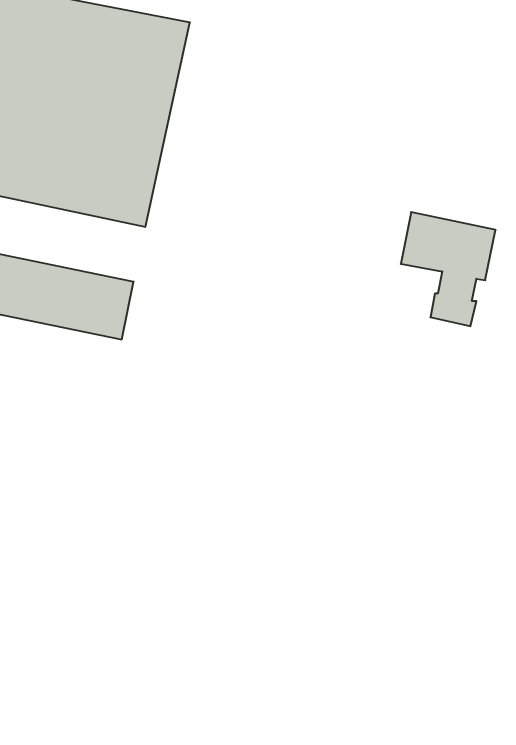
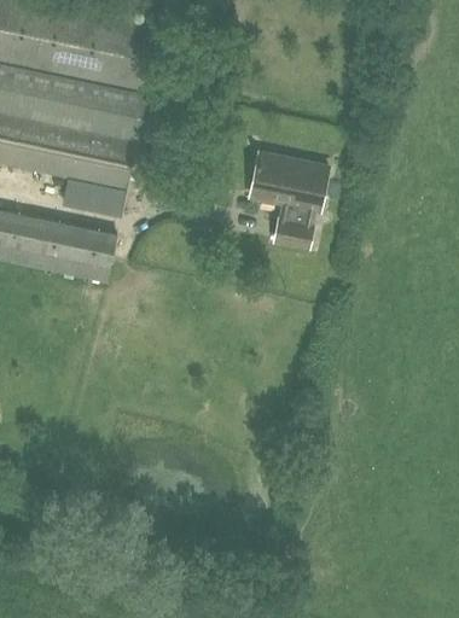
building: [401,212,496,326] -> [251,154,329,247]
building: none -> [62,180,126,216]

